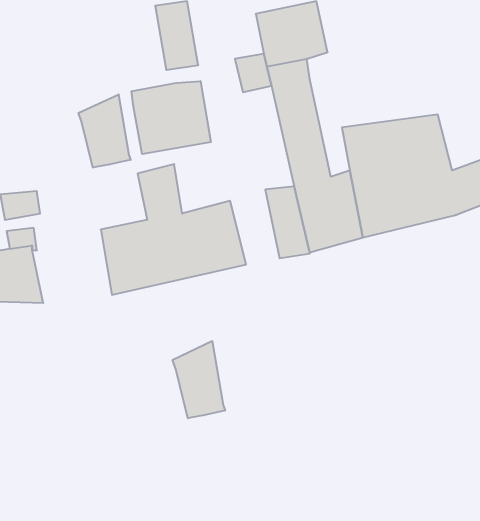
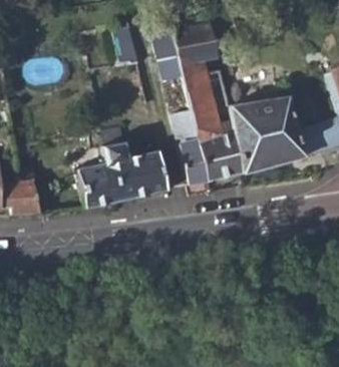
building: [131,81,211,154] -> none
building: [78,94,131,168] -> none
building: [173,341,225,418] -> none

